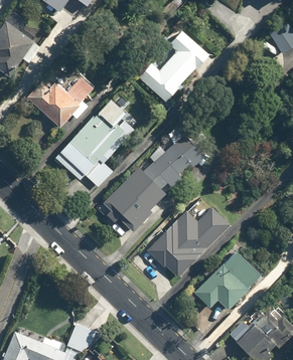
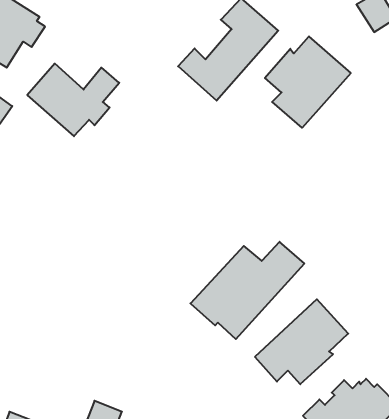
building: none -> [265,36,351,128]
building: [52,98,135,190] -> none
building: [103,134,204,231] -> none

